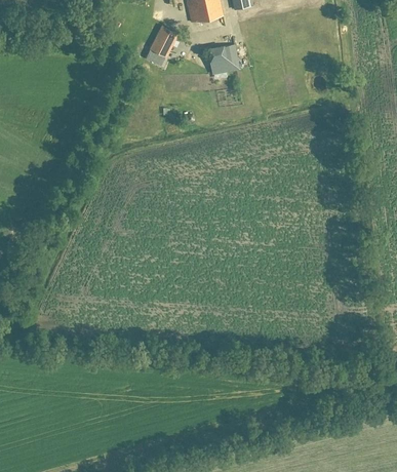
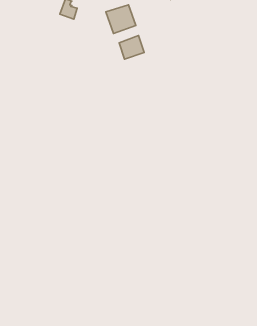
building: none -> [119,36,144,59]

